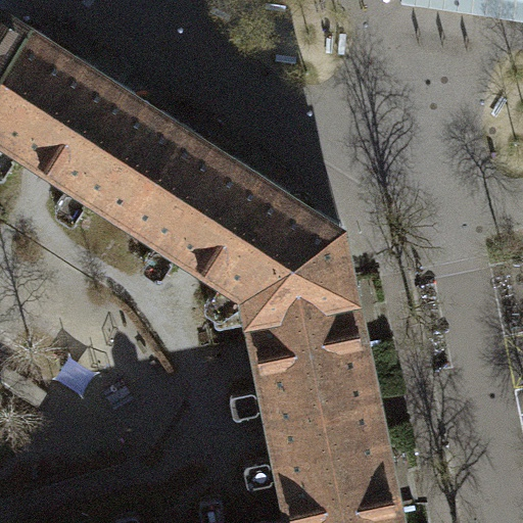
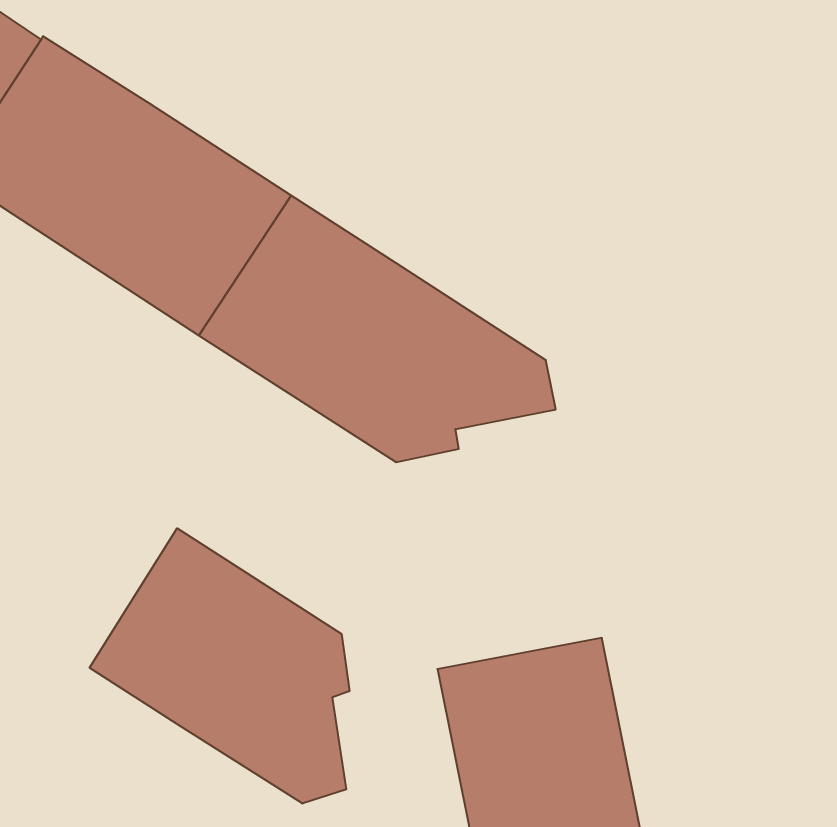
building: [246,263,374,424] -> none
building: none -> [90,528,349,804]

